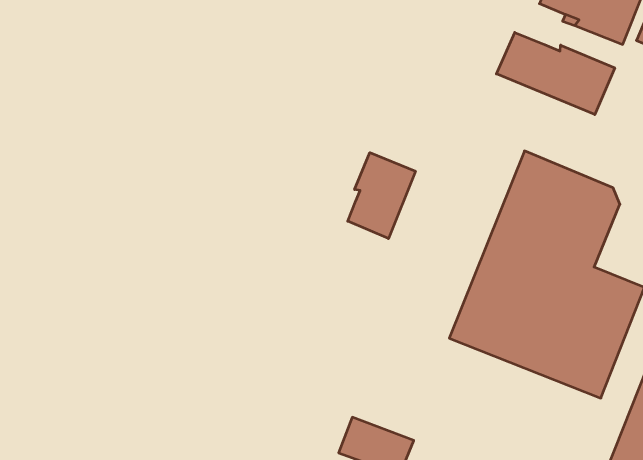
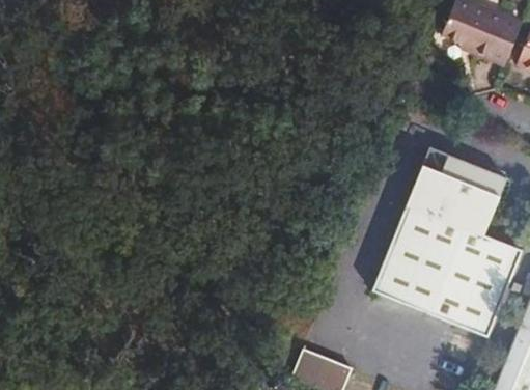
building: [496,32,615,115] -> none
building: [348,153,415,239] -> none

